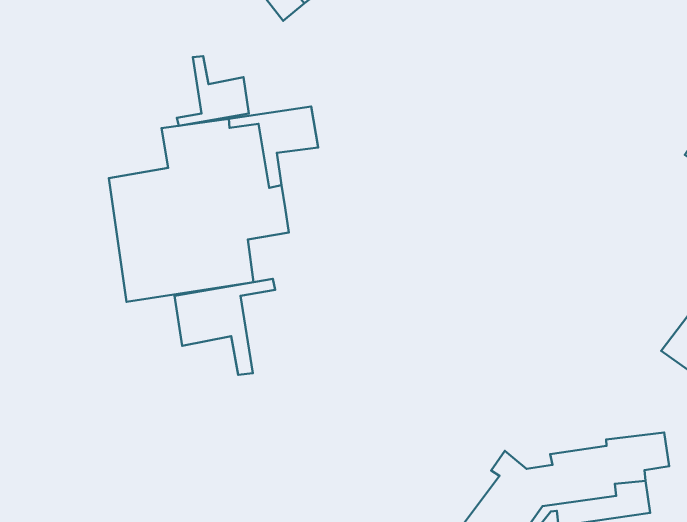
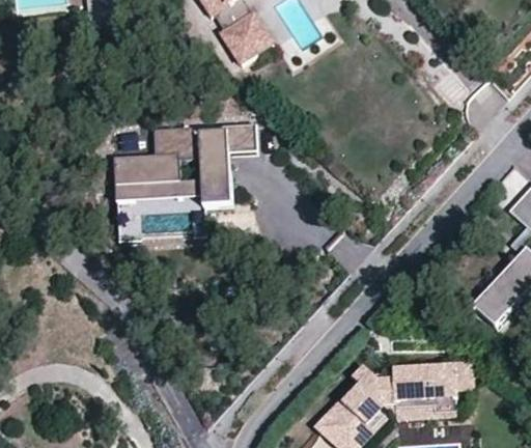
building: [177,56,249,126] -> none
building: [174,279,275,375] -> none

